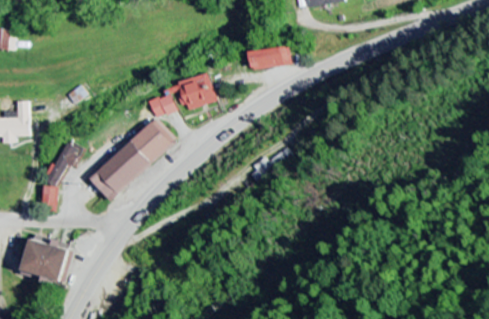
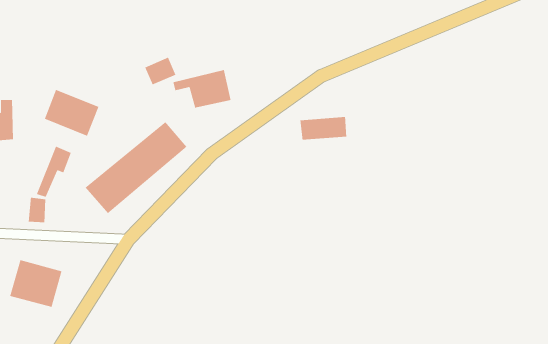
building: [249,47,290,68] -> [300,116,347,141]
building: none -> [44,89,99,137]
building: [148,93,176,118] -> [144,57,177,86]

